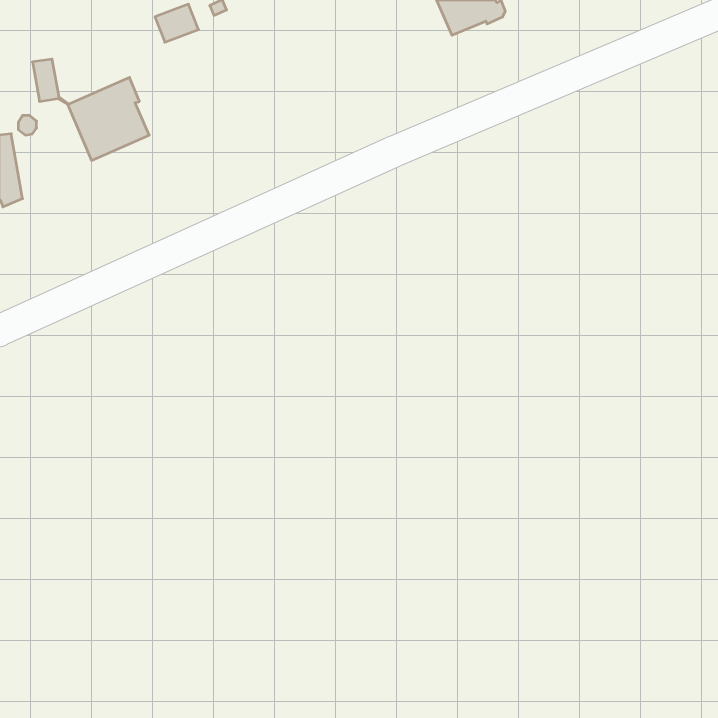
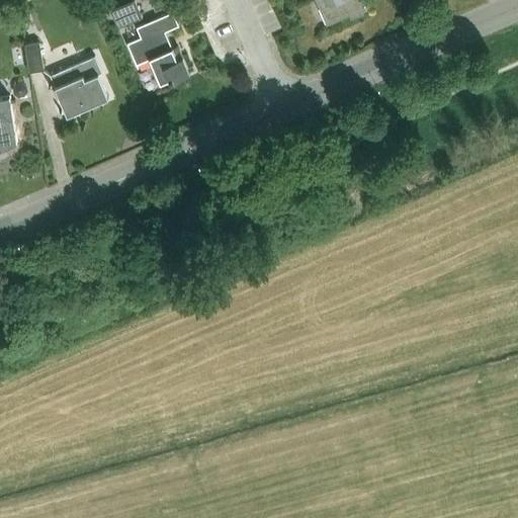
building: none -> [125,13,188,85]

